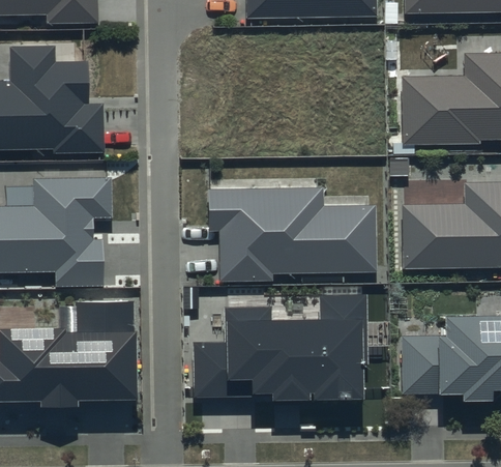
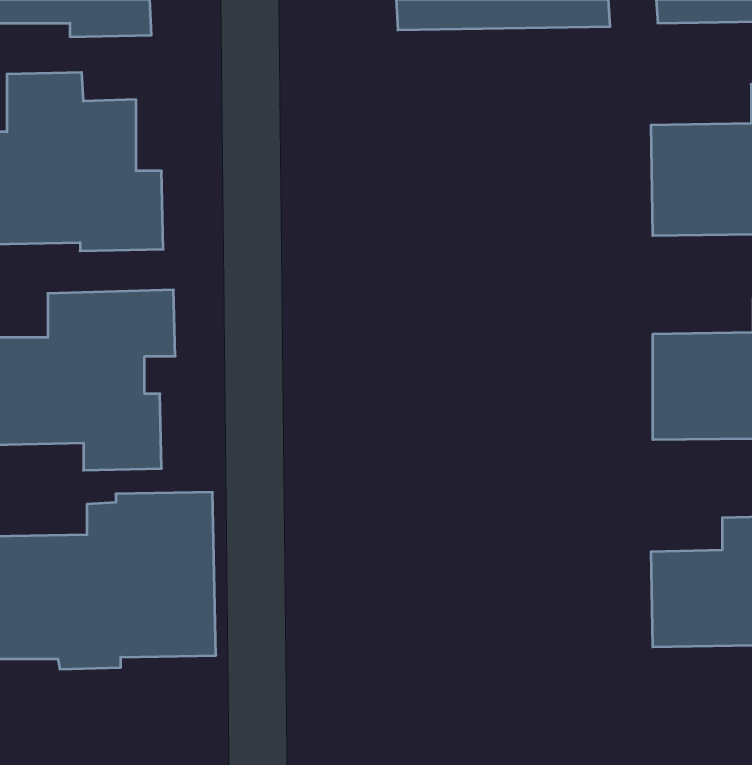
building: [209,187,377,282] -> none
building: [194,293,365,400] -> none

